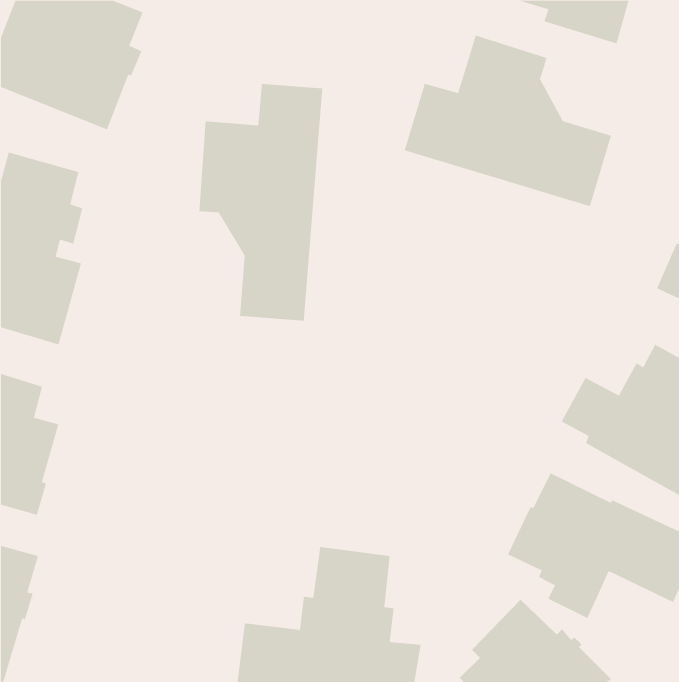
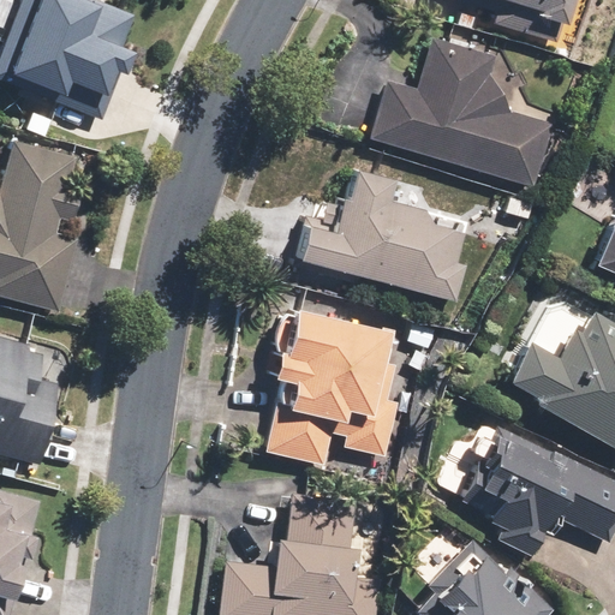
building: [199,83,323,322] -> none
building: none -> [295,168,466,301]
building: none -> [264,306,398,465]

